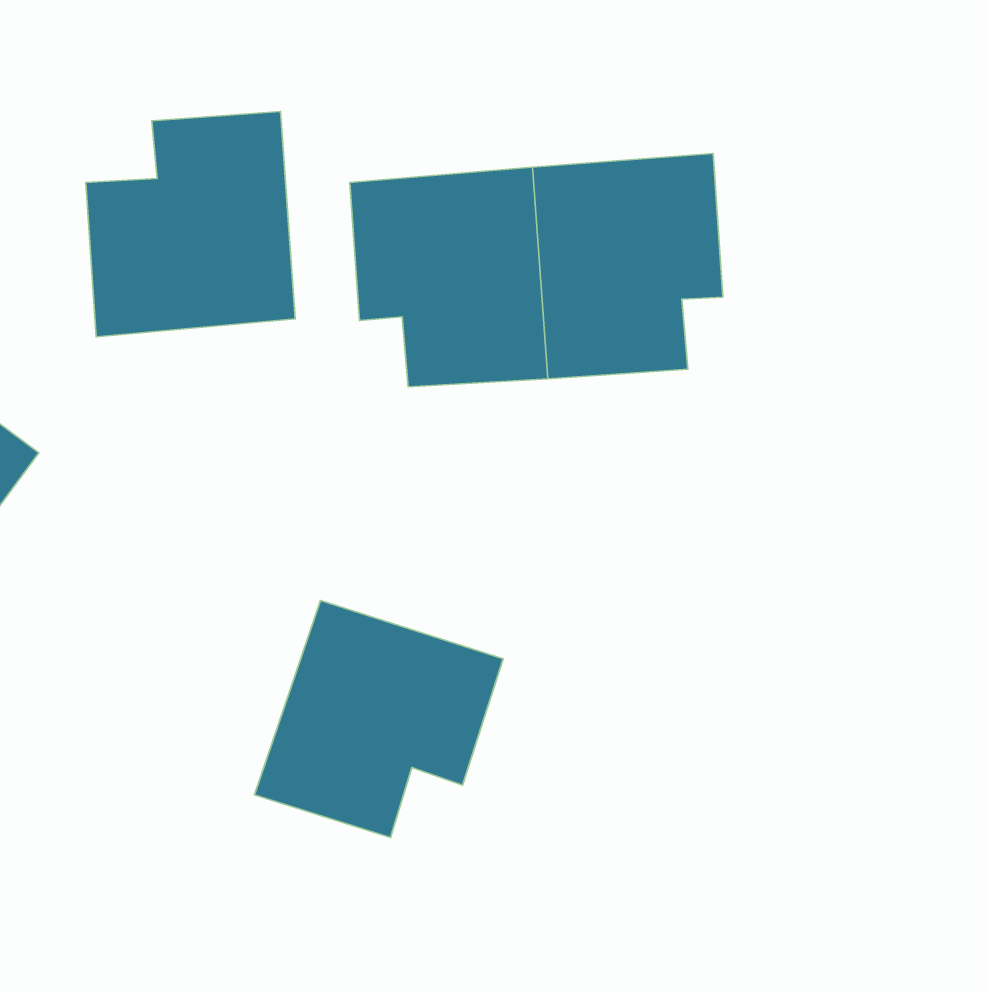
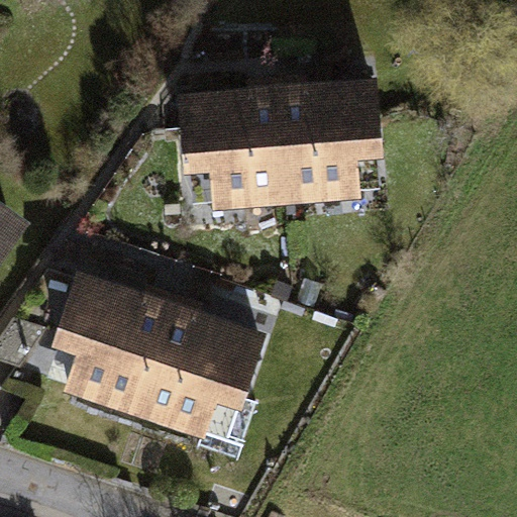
building: [86,111,295,337] -> none
building: none -> [56,282,167,414]

